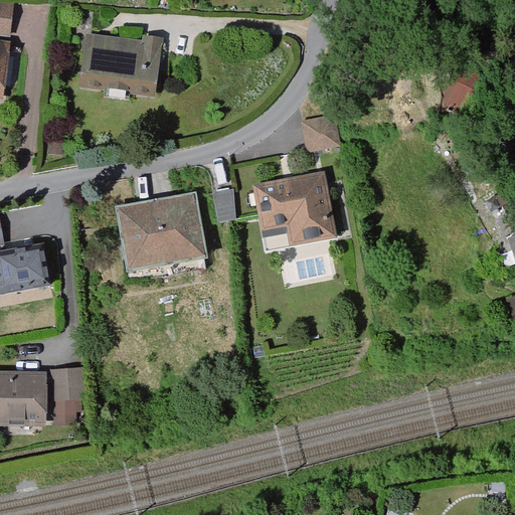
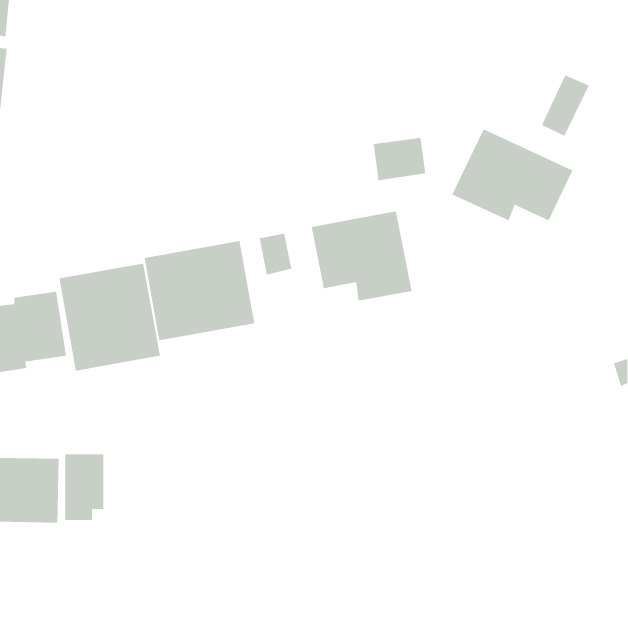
building: [78,30,162,92] -> none
building: none -> [451,128,573,221]
building: none -> [59,263,160,371]

